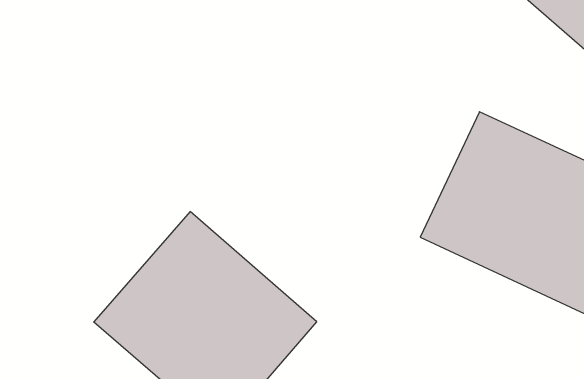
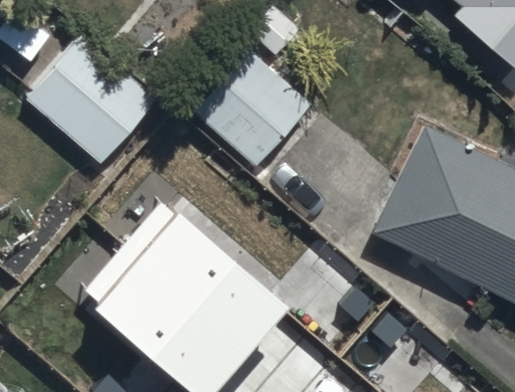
building: none -> [27,33,158,164]
building: none -> [200,58,306,164]

